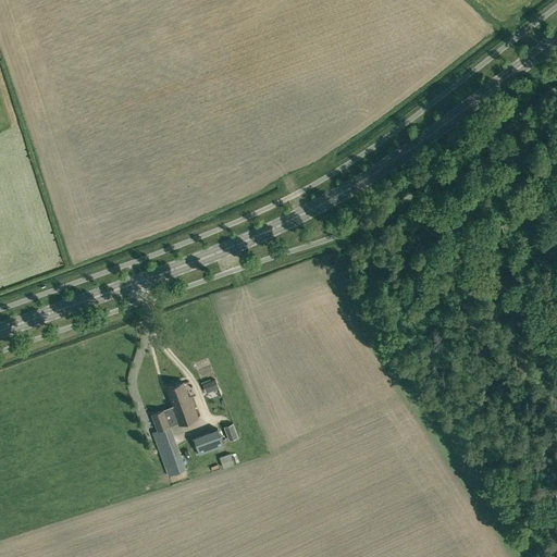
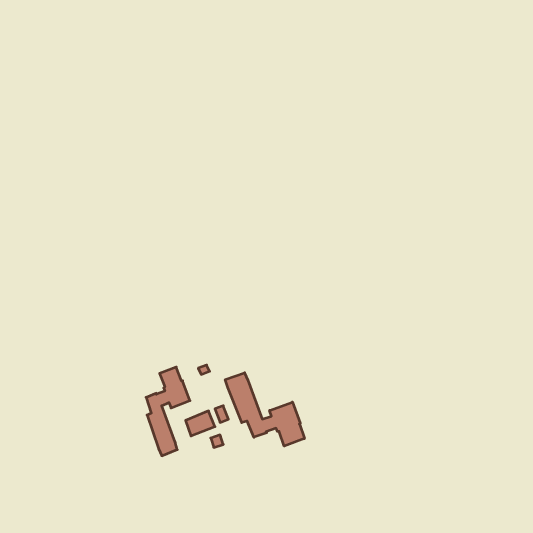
building: none -> [225,373,304,446]

